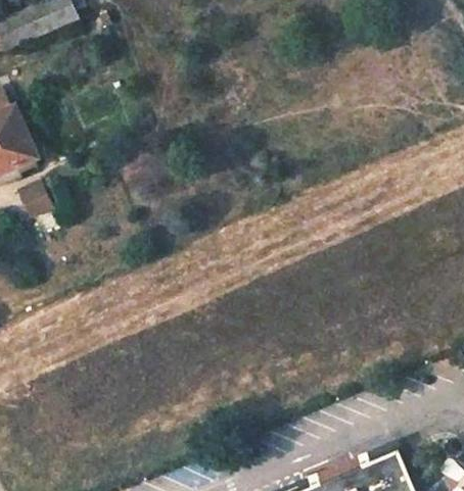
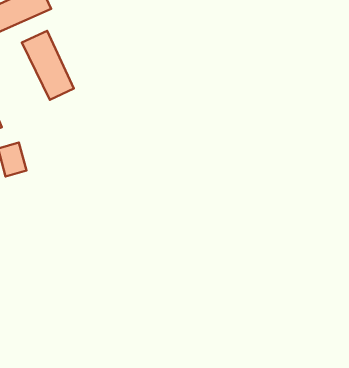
building: none -> [22,31,74,100]

